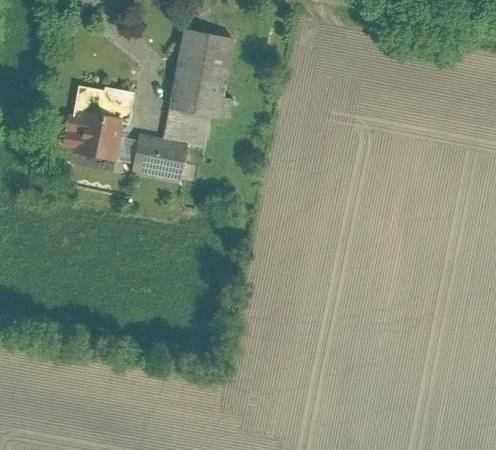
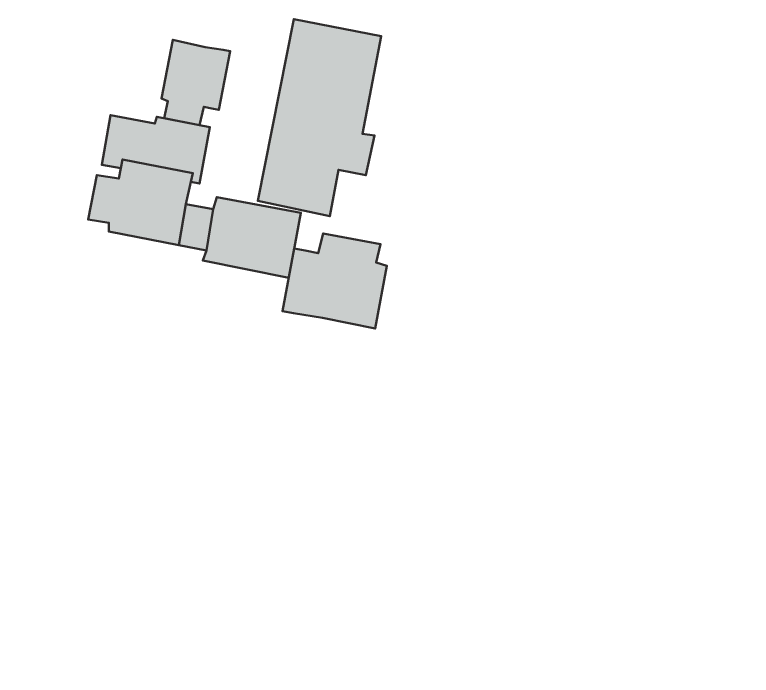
building: none -> [162,40,230,125]
building: none -> [283,234,387,329]

